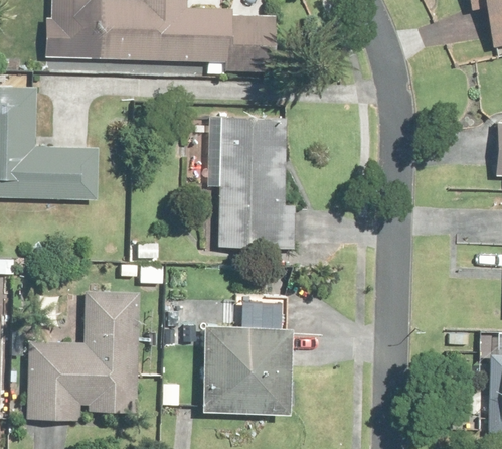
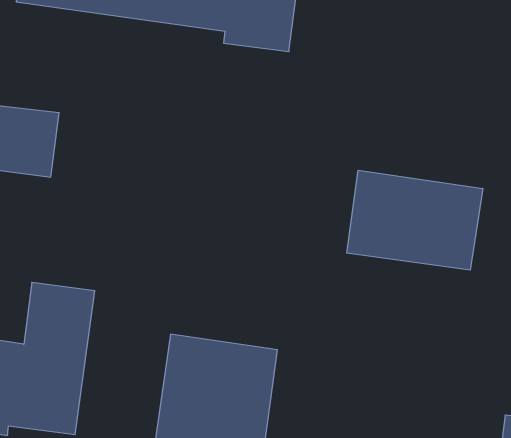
building: [205,117,298,249] -> none
building: none -> [347,170,483,270]

